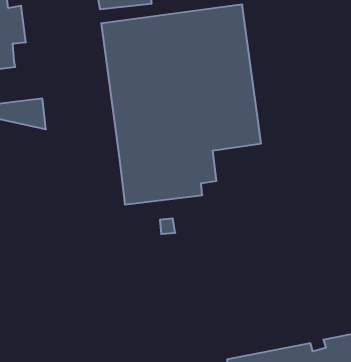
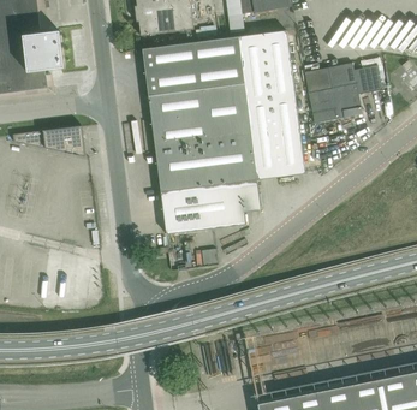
building: none -> [303,58,383,124]

